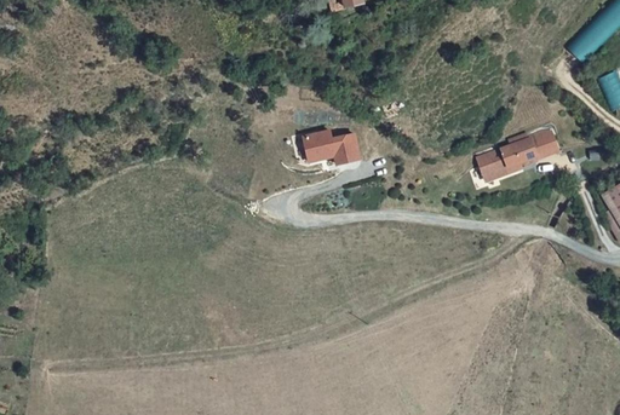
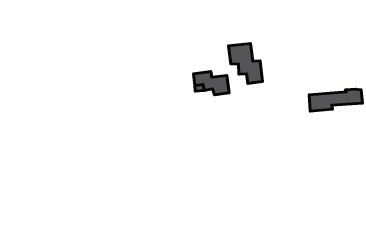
building: none -> [228,44,262,84]

